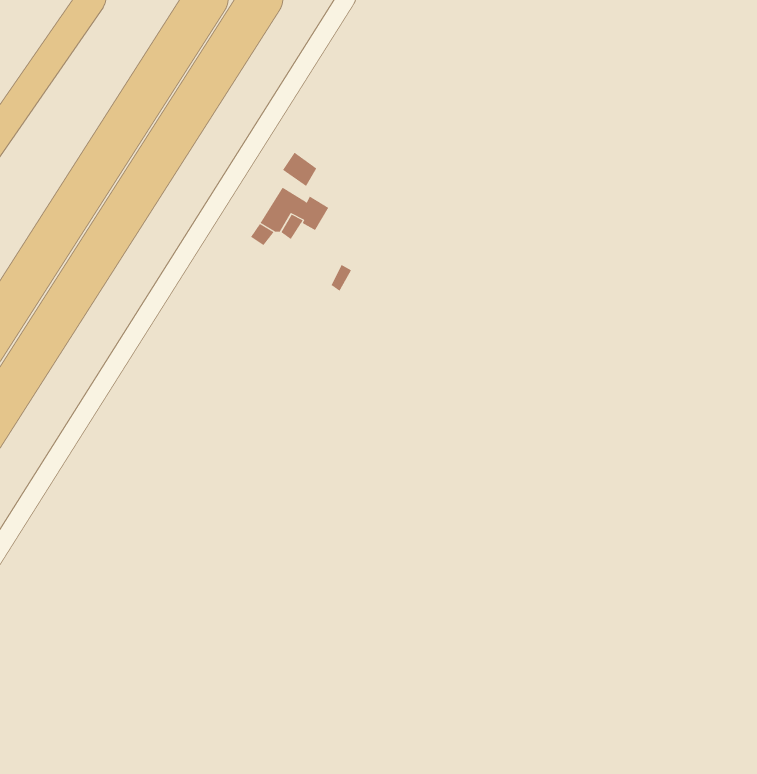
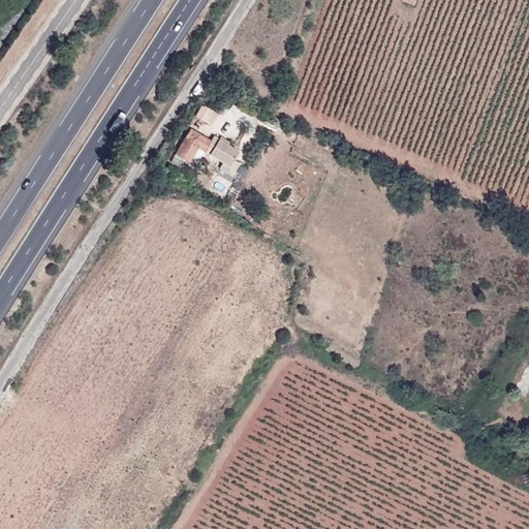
building: none -> [215,142,237,174]

